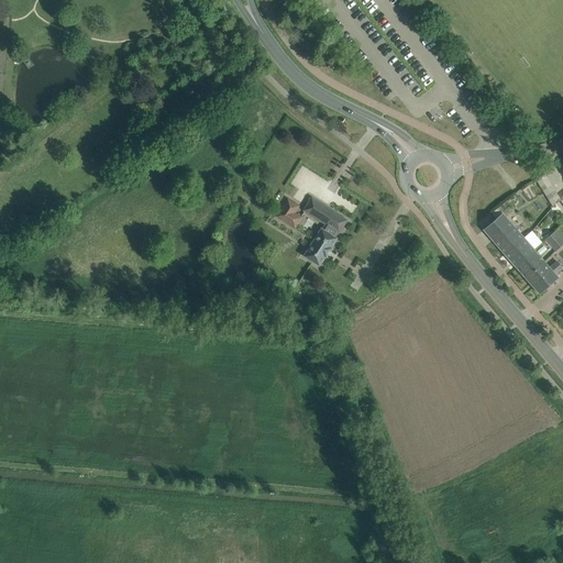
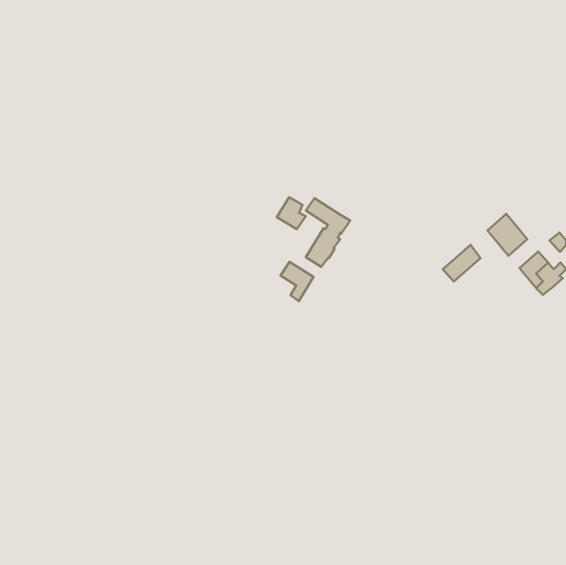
building: [505,230,542,266] -> [443,245,480,282]
building: none -> [281,262,313,301]

